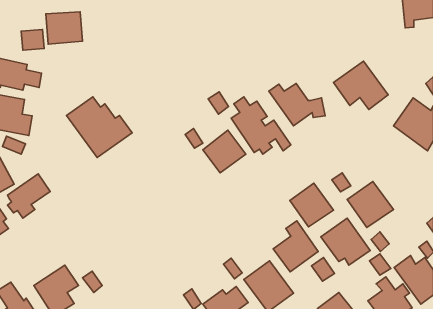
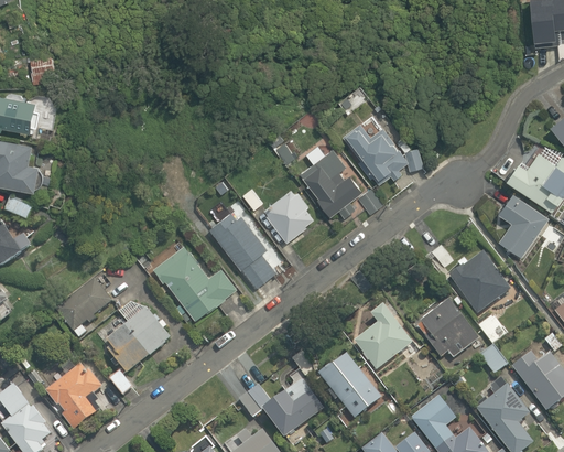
building: [46,12,83,44] -> none
building: [333,61,388,109] -> none
building: [66,97,132,157] -> [154,243,239,321]
building: none -> [497,192,546,256]
building: none -> [210,209,275,287]
building: [7,174,50,218] -> [56,279,111,336]
building: [290,183,333,227] -> none
building: none -> [105,297,170,374]

